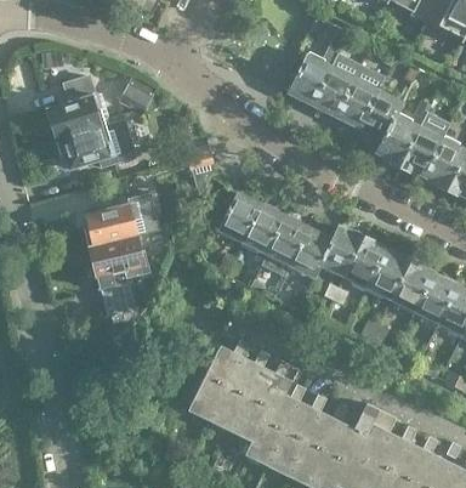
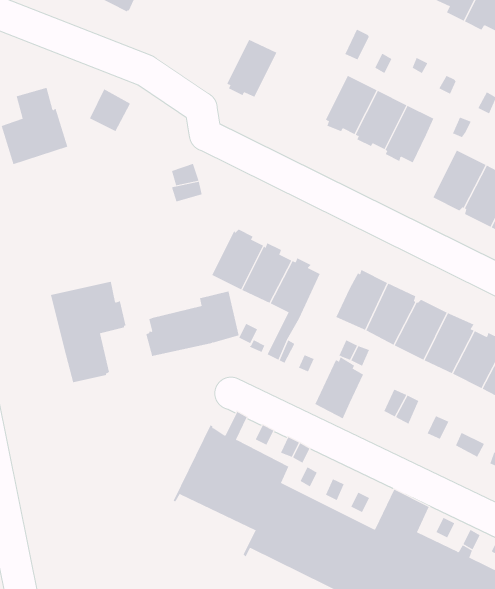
building: [289,56,330,103] -> [227,39,277,97]
building: [377,115,419,166] -> none
building: [58,119,137,168] -> none
building: [84,192,160,245] -> [145,291,240,357]
building: [291,226,331,277] -> [315,356,364,419]

